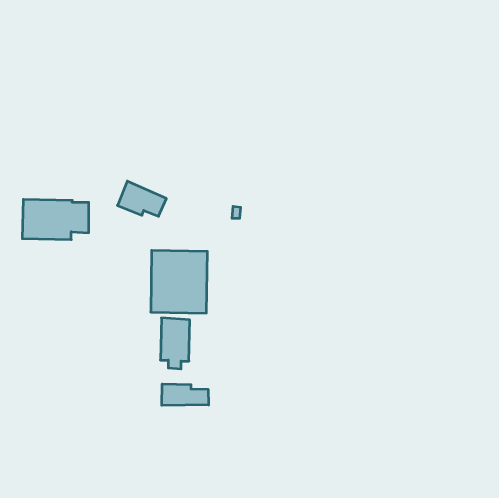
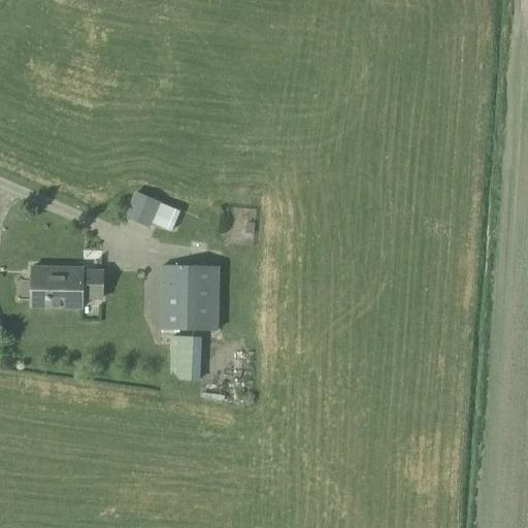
building: [22,199,89,240] -> [31,265,101,307]
building: [162,384,209,405] -> none

